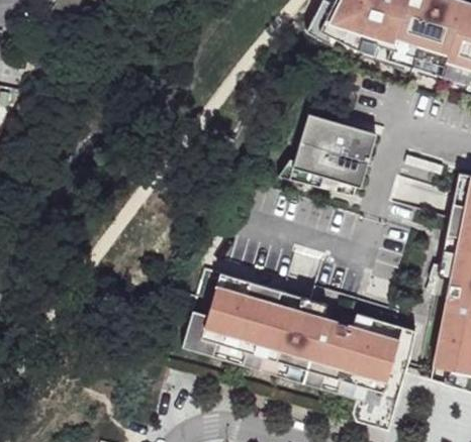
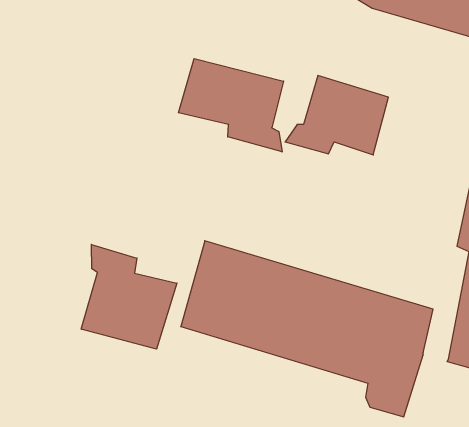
building: none -> [178,59,284,152]
building: none -> [81,244,177,349]

